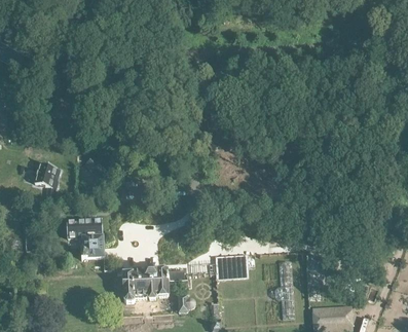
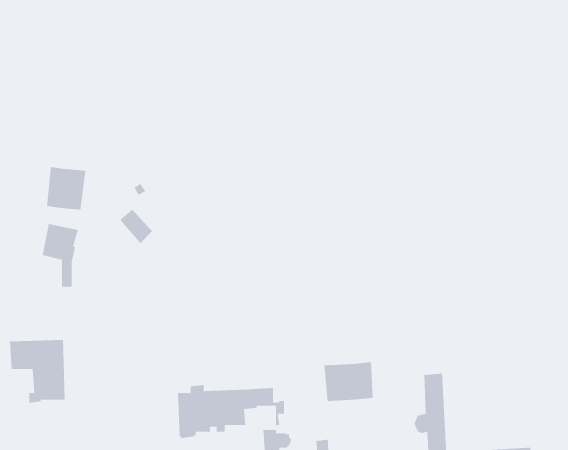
building: none -> [46,166,86,211]
building: [66,218,102,259] -> [9,339,66,404]

